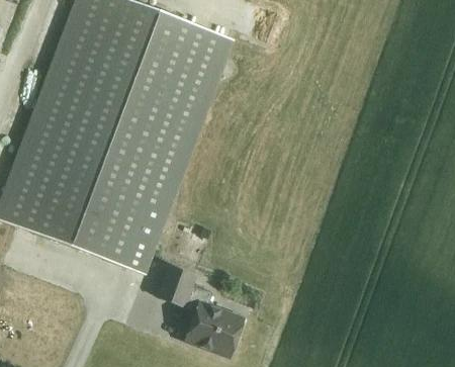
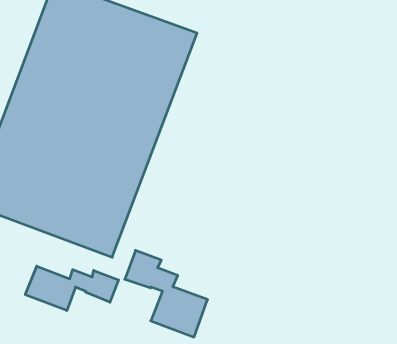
building: none -> [25,266,119,311]

